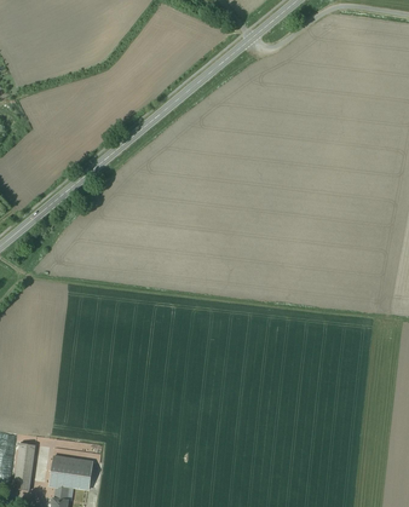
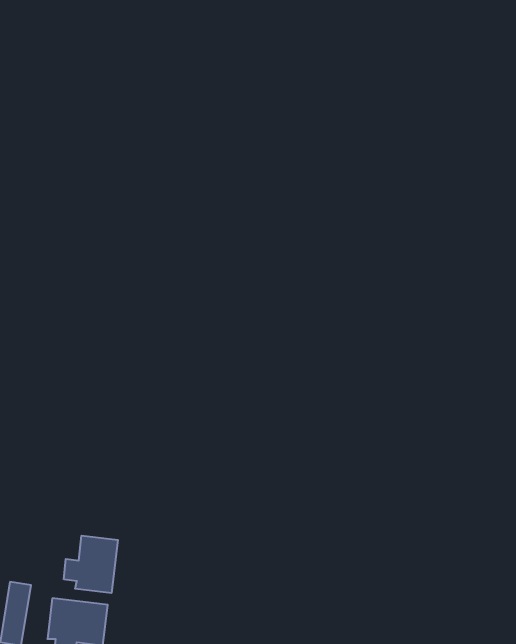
building: none -> [64,536,118,593]

